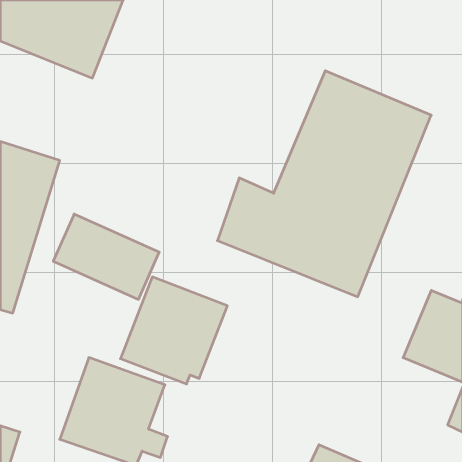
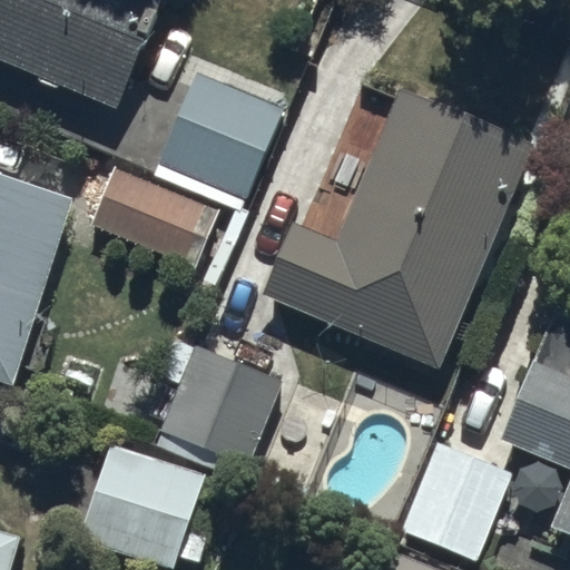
building: none -> [150,58,287,212]
building: [53,214,159,299] -> [89,165,219,269]
building: none -> [399,441,511,560]

